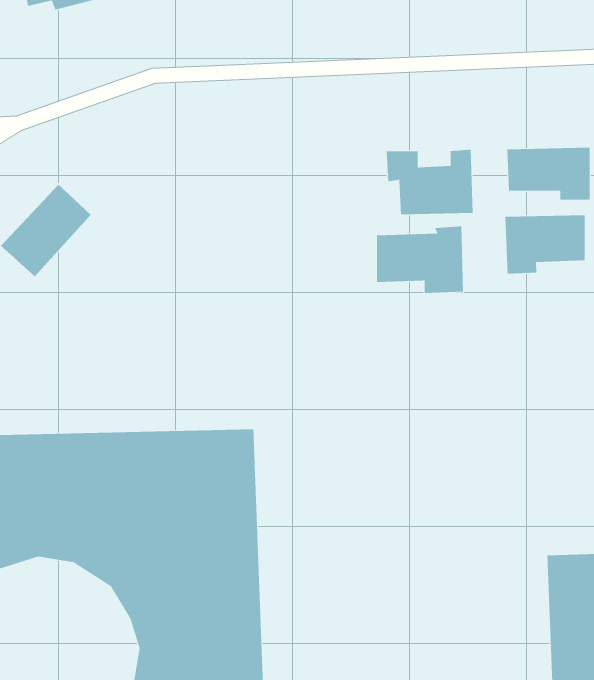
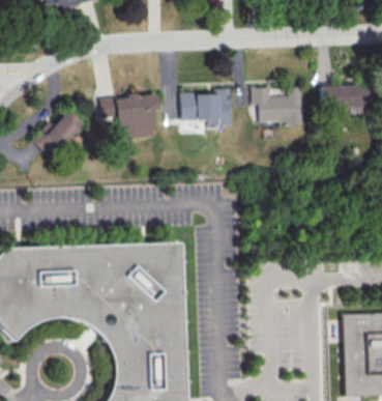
building: none -> [102,92,160,139]
building: [505,214,585,274] -> none
building: [376,226,464,294] -> [183,88,233,126]

